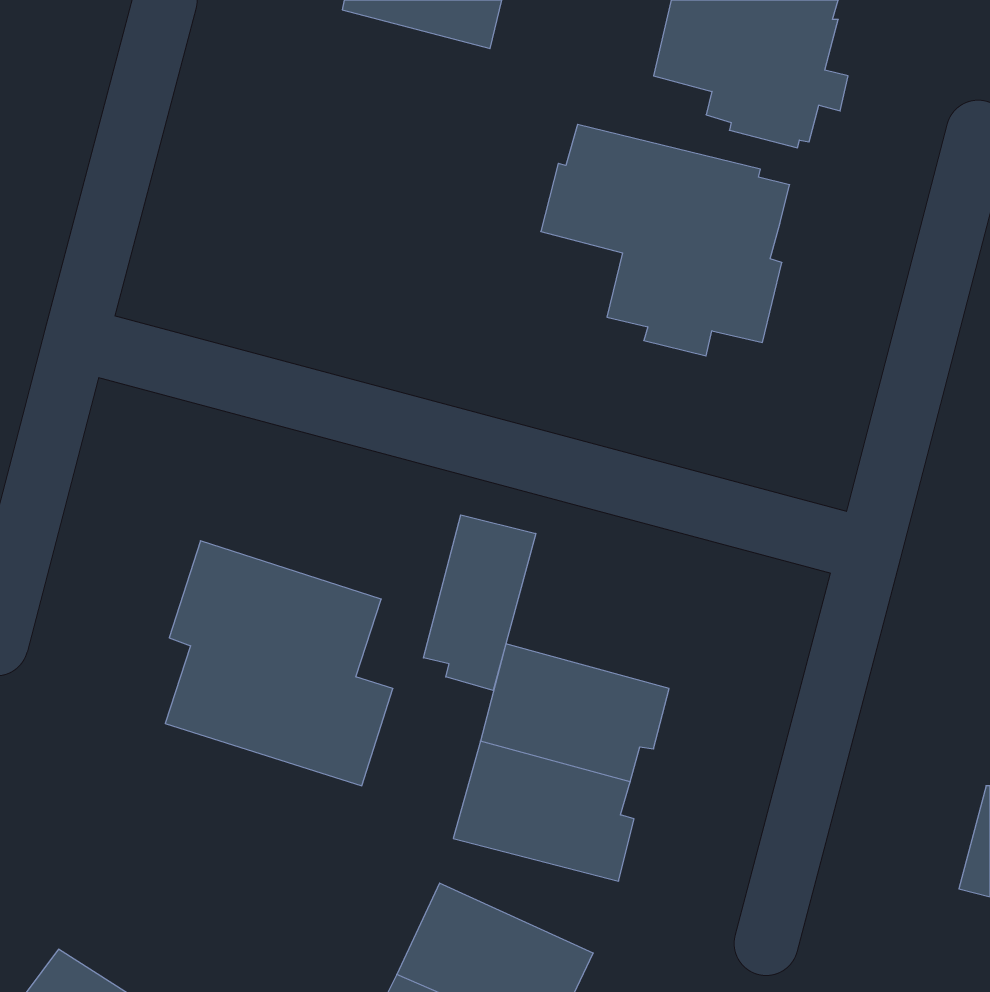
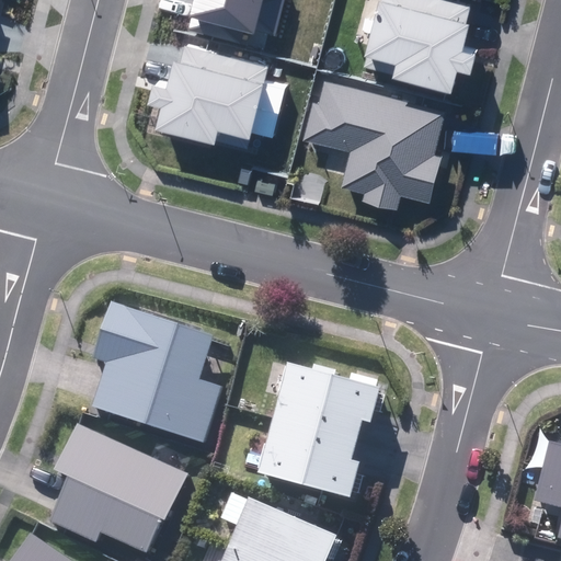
building: none -> [153,34,272,131]
building: [423,515,536,690] -> none
building: none -> [51,425,190,554]

